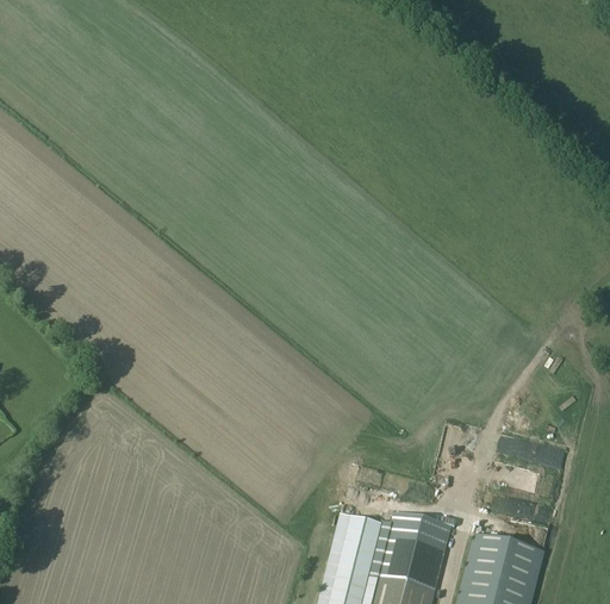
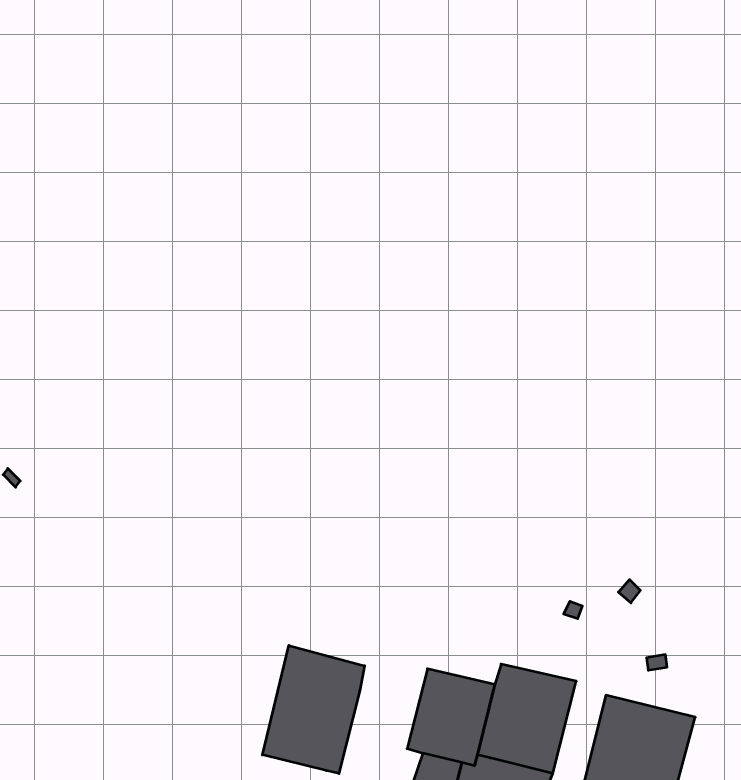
building: none -> [262,645,365,774]

